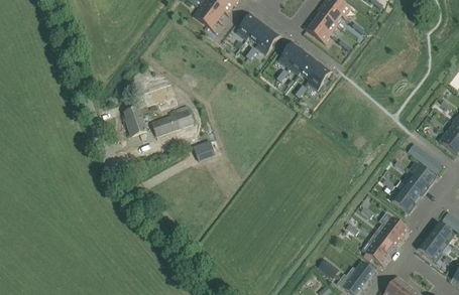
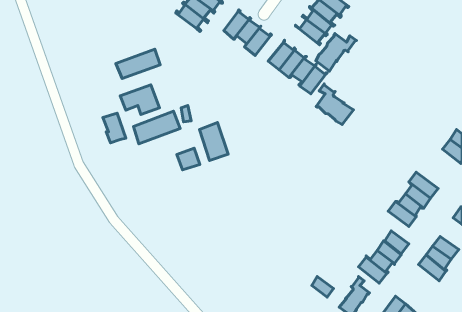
building: none -> [316,34,356,71]
building: none -> [116,49,160,78]
building: none -> [316,84,353,124]
building: none -> [199,123,228,160]

